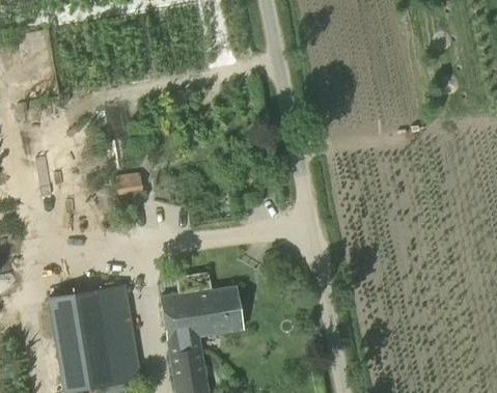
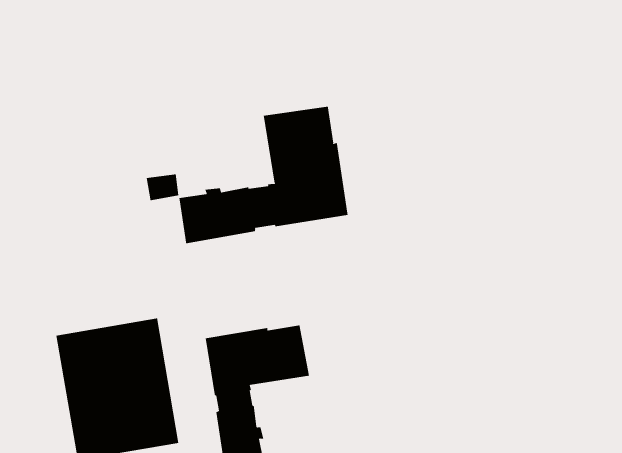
building: none -> [179,106,348,244]

